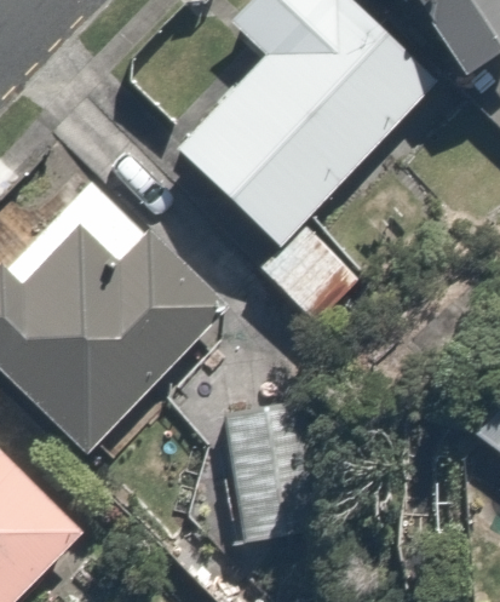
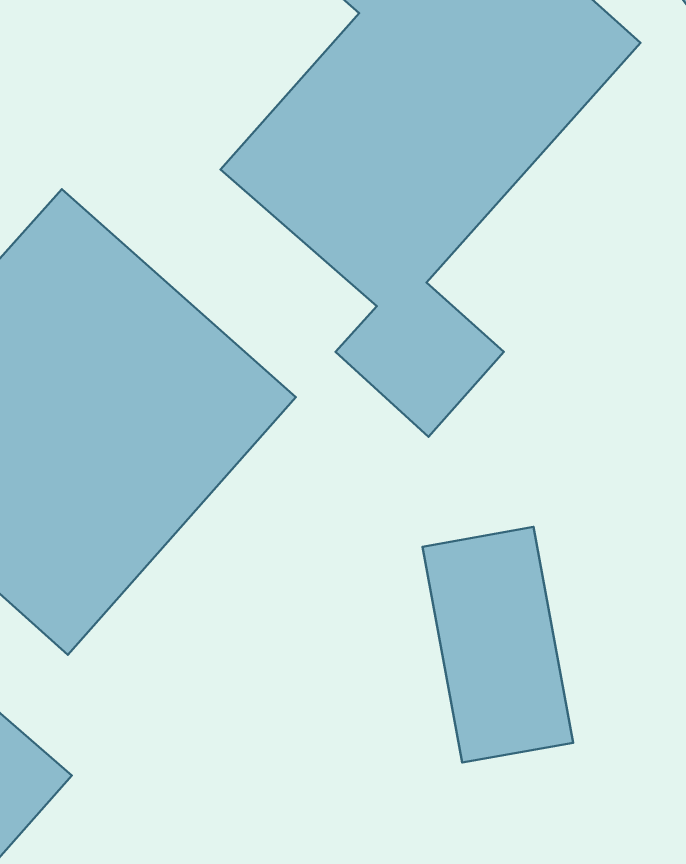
building: [220,397,312,541] -> [423,527,573,763]

